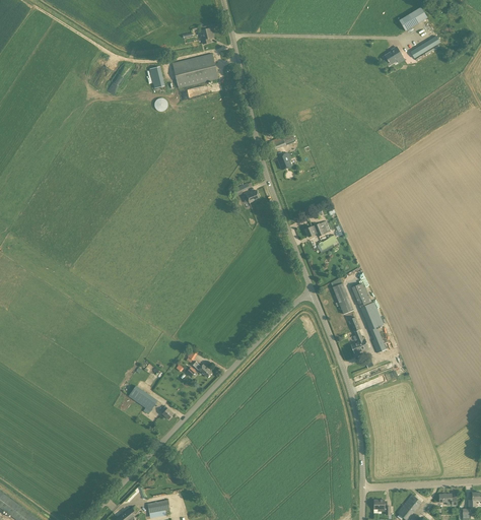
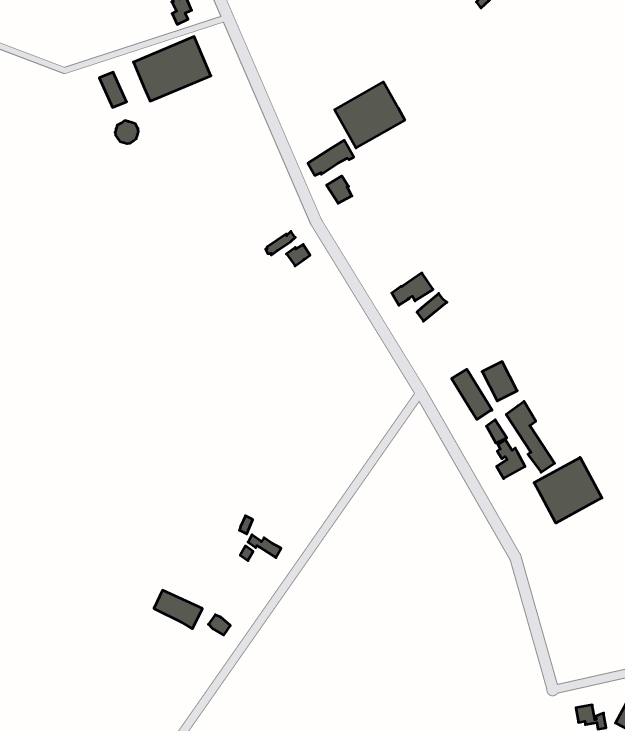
building: none -> [335,82,405,148]
building: none -> [534,457,602,523]

